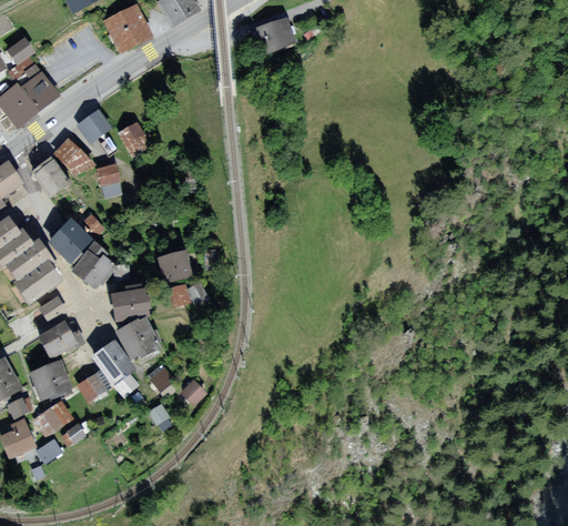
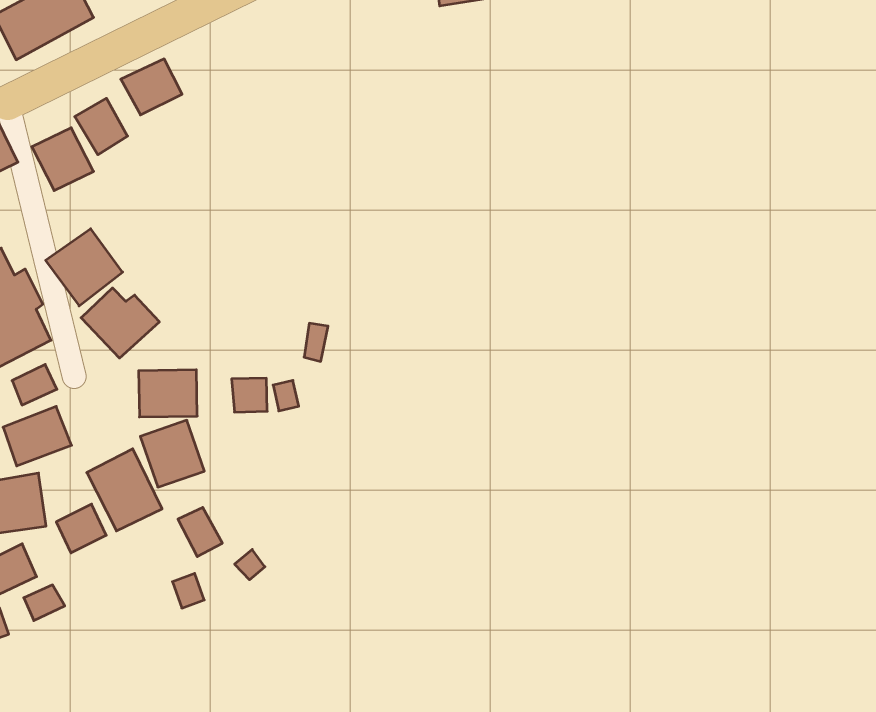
building: [119,122,152,159] -> none
building: [97,162,124,198] -> none
building: [161,251,193,280] -> none

